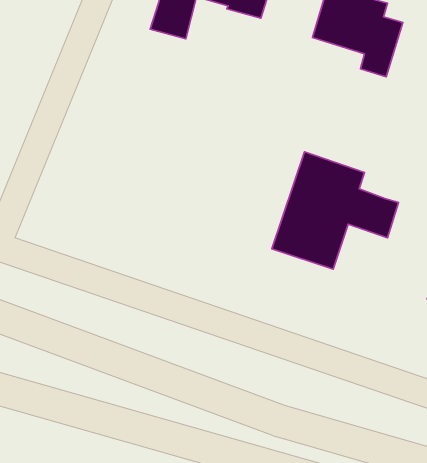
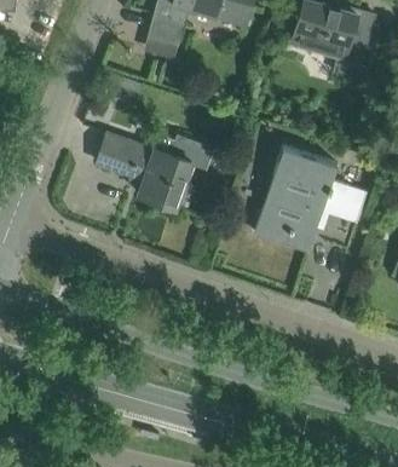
building: none -> [97,133,212,208]

